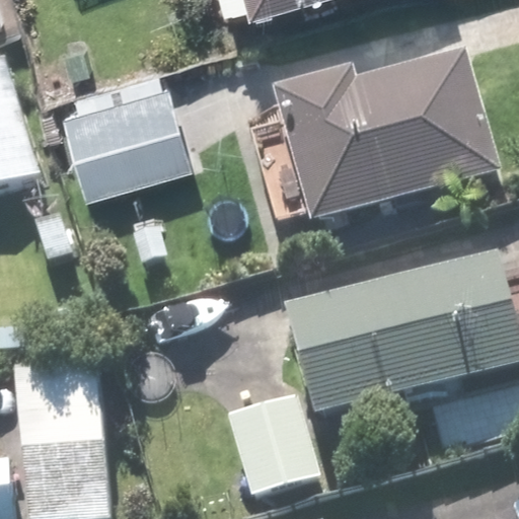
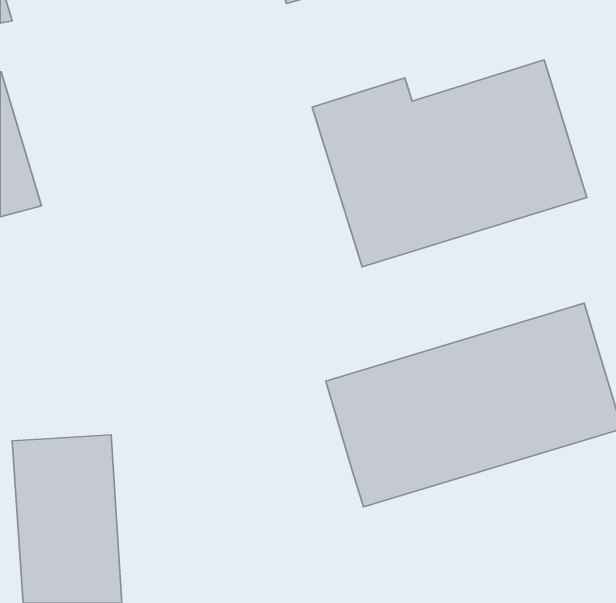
building: [59,67,195,186] -> none
building: [229,392,322,490] -> none

